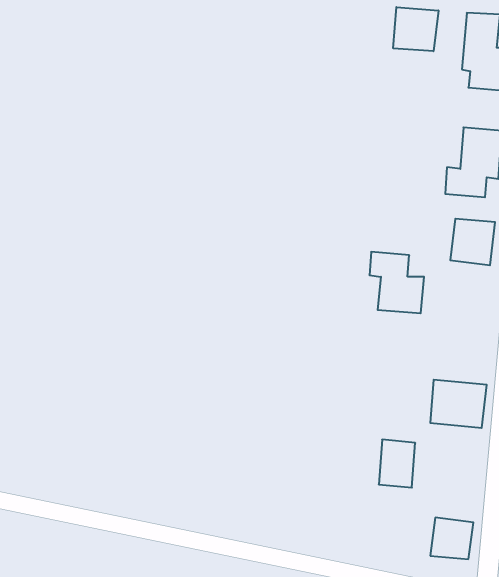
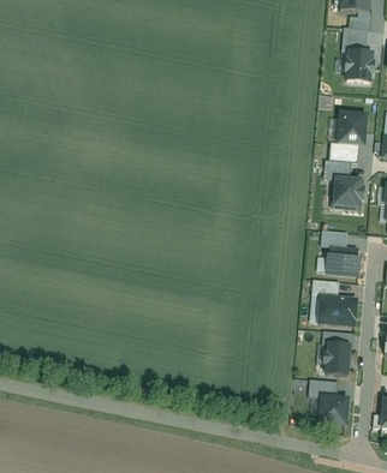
building: [393,7,438,51] -> none
building: [369,252,424,313] -> [318,226,358,270]
building: [379,440,415,488] -> [325,341,351,376]

